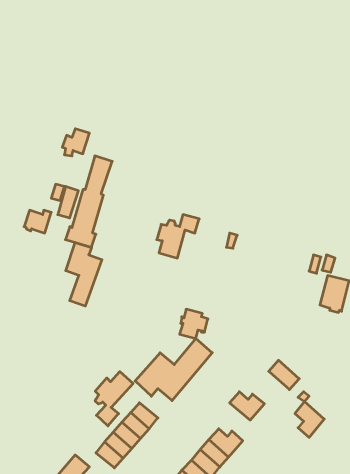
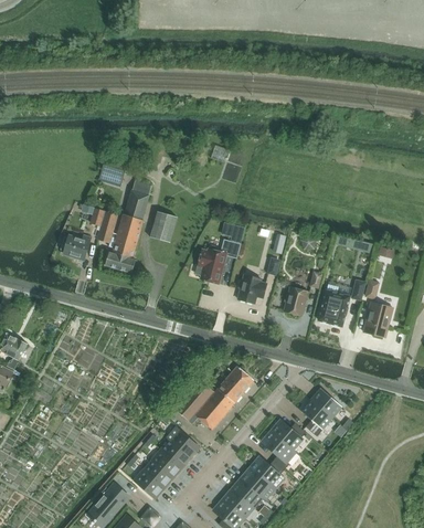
building: none -> [150,210,177,241]
building: [66,242,102,306] -> none
building: none -> [284,286,308,315]
building: none -> [318,289,350,325]
building: [180,309,208,339] -> [237,273,266,303]
building: [95,372,133,426] -> none
building: [295,402,324,437] -> [303,399,332,435]
building: none -> [263,430,293,468]

